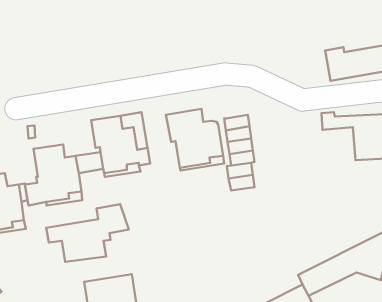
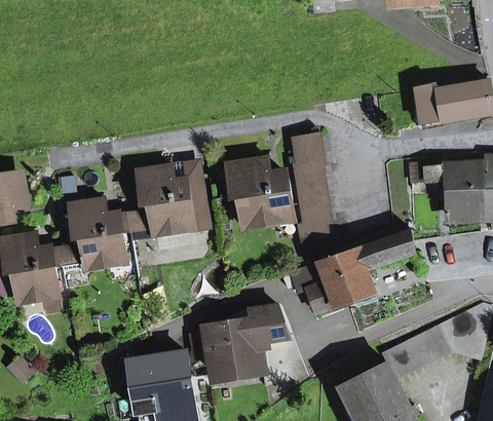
building: none -> [293,136,325,168]
building: none -> [291,229,415,312]
building: [46,204,129,262] -> [191,305,289,373]

